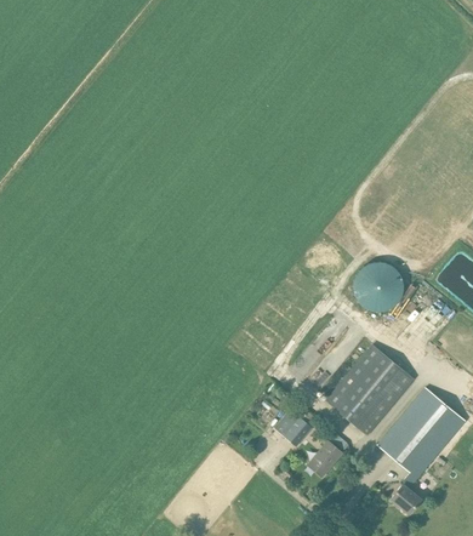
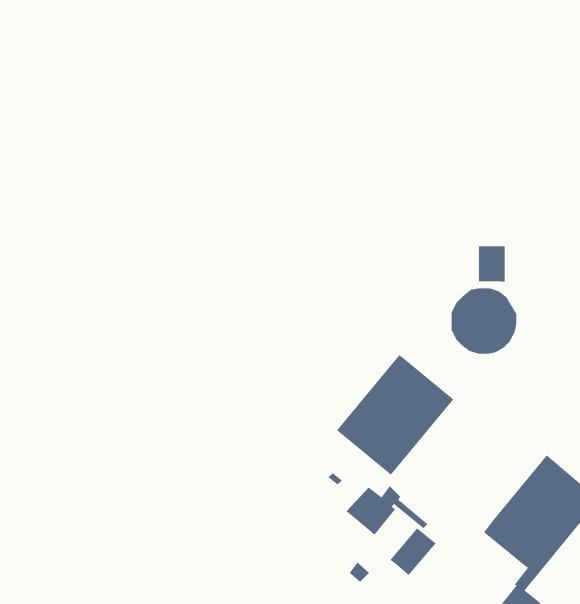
building: none -> [479,246,505,282]
building: [325,344,414,435] -> [336,354,454,476]

